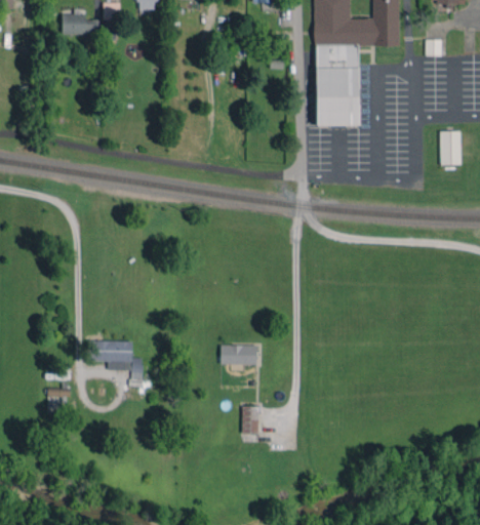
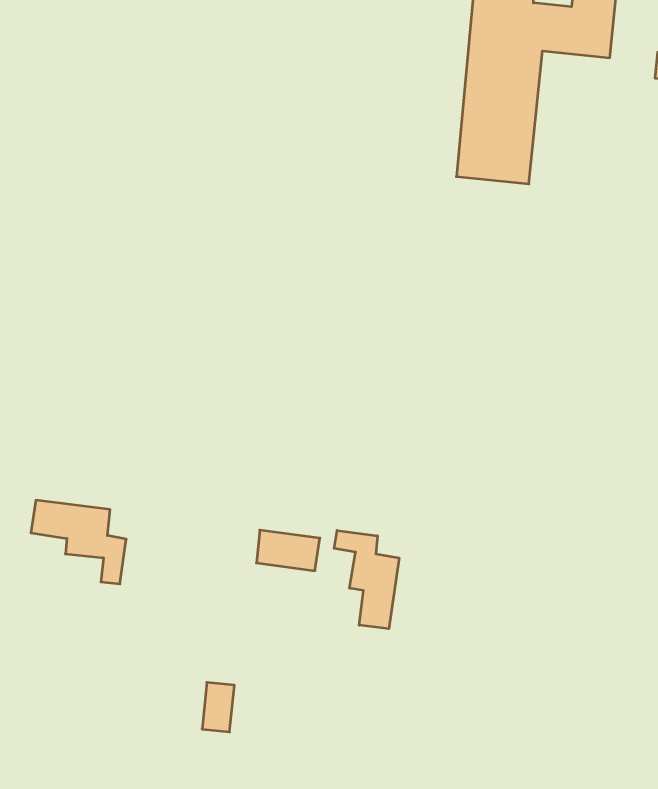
building: none -> [334,530,399,629]
building: [243,405,259,433] -> [202,682,234,732]

